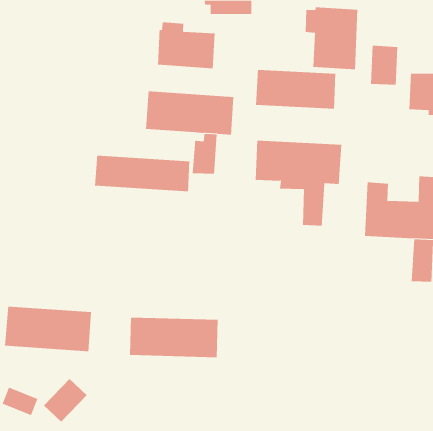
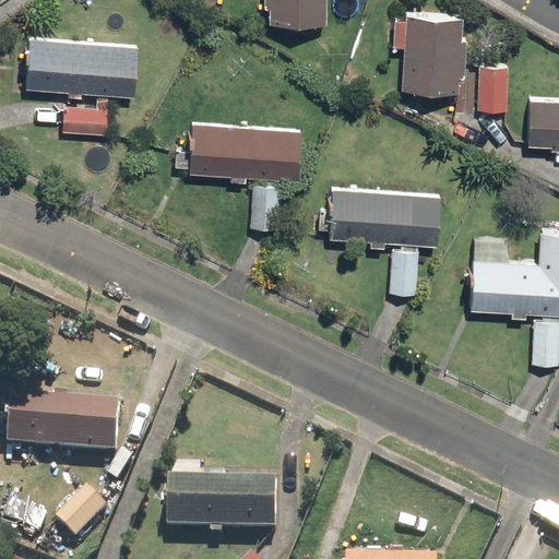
building: [157,22,215,69] -> none
building: none -> [25,37,139,134]
building: [256,69,336,109] -> none
building: [95,155,190,192] -> none
building: [129,317,218,358] -> [166,484,281,536]

